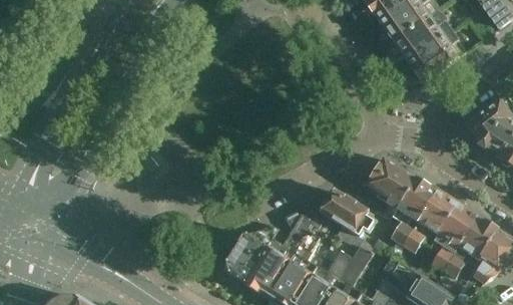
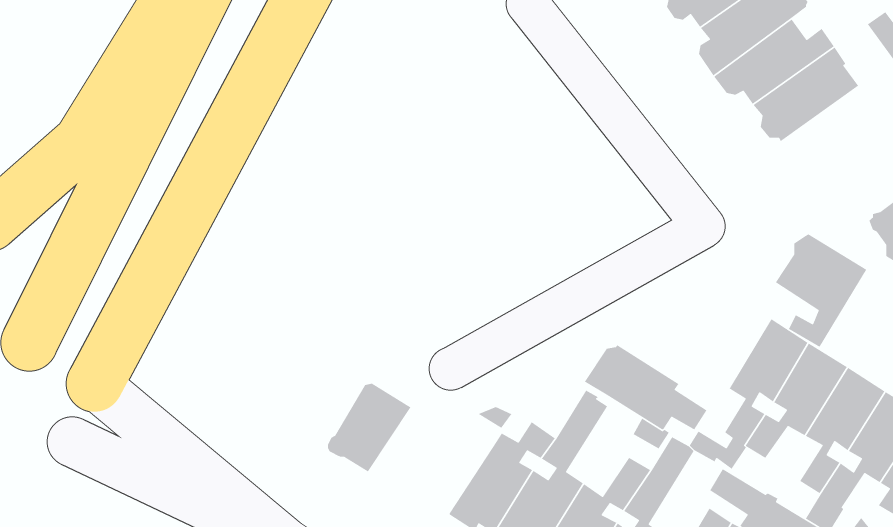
building: [367,159,417,220] -> [775,234,869,348]
building: [284,207,318,241] -> none
building: [222,233,268,281] -> [327,383,411,473]

